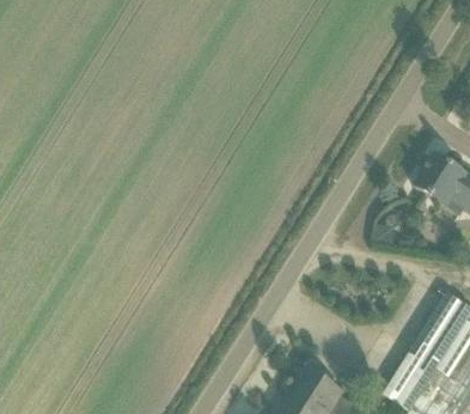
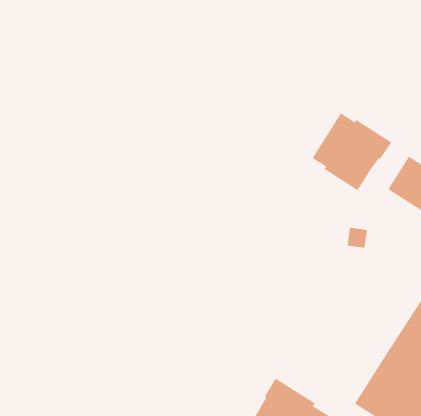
building: none -> [312,113,392,193]

